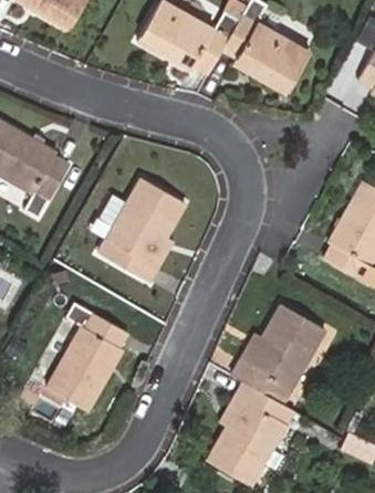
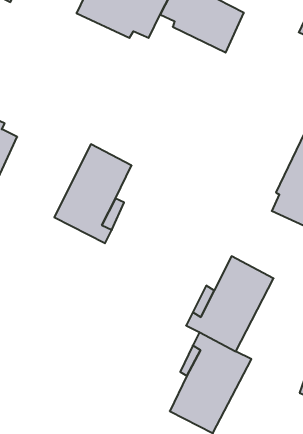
building: [46,304,128,418] -> none

